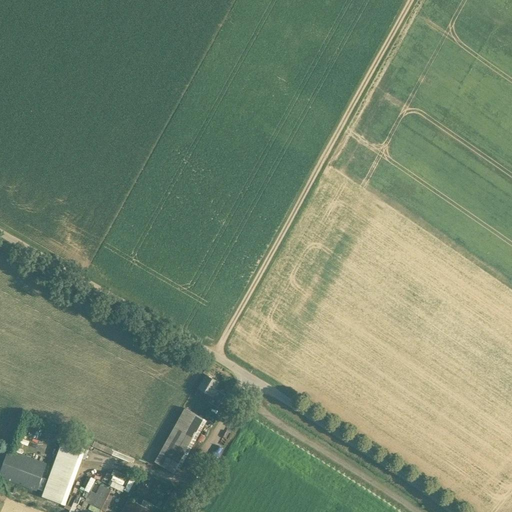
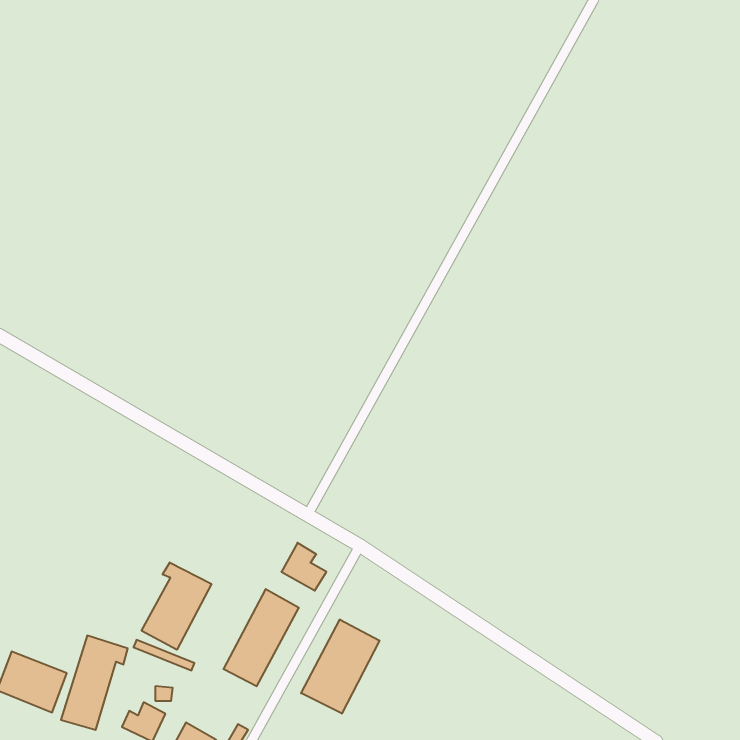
building: none -> [142,562,211,650]
building: none -> [301,619,379,714]

